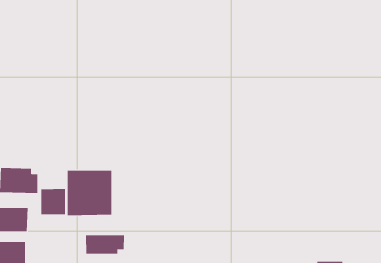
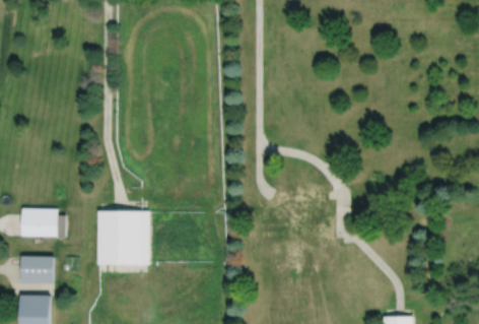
building: [41,188,65,215] -> none
building: [86,235,125,254] -> none

